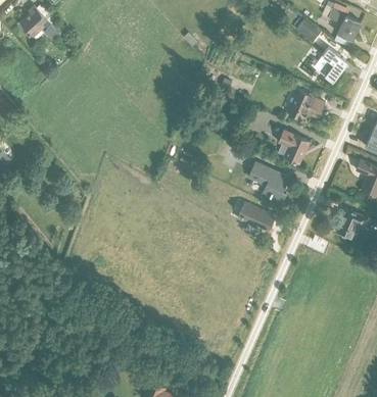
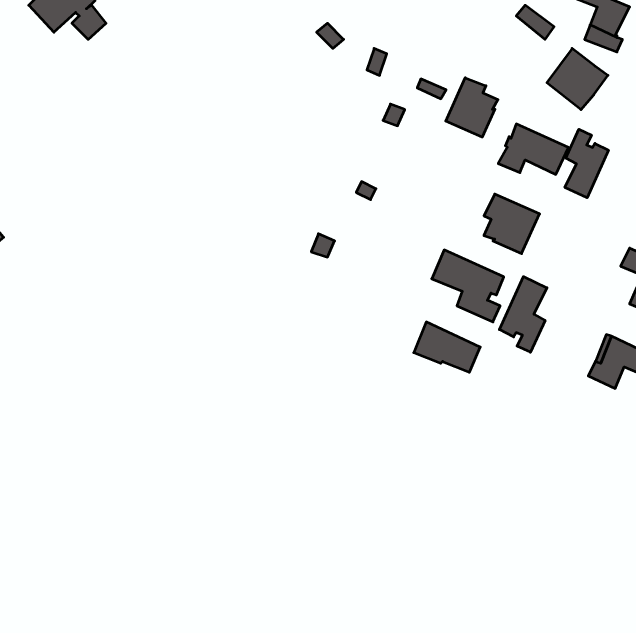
building: none -> [446,78,498,137]
building: none -> [565,129,608,198]
building: none -> [499,277,547,352]

